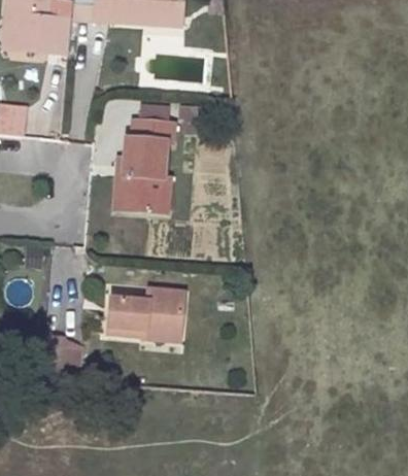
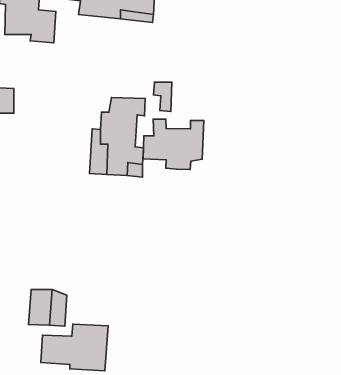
building: none -> [143,119,204,169]
building: [107,280,183,333] -> [41,324,108,371]

